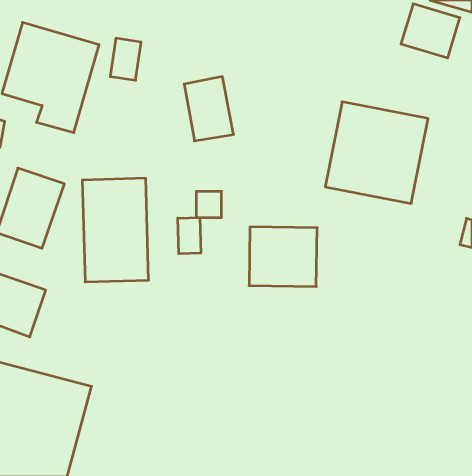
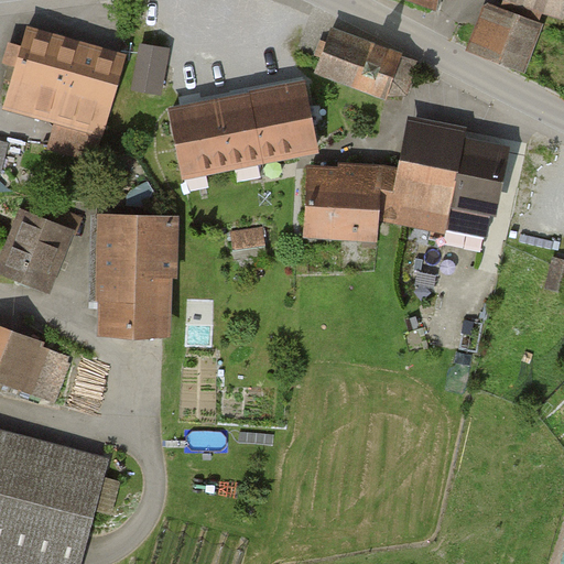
building: none -> [306,24,411,97]
building: none -> [262,84,321,160]
building: none -> [171,100,229,176]
building: [178,218,201,254] -> none
building: [249,227,317,287] -> [300,164,380,235]

